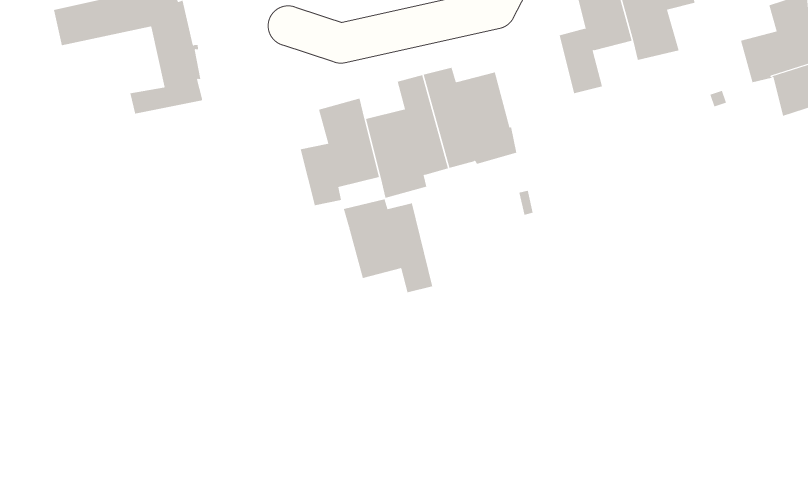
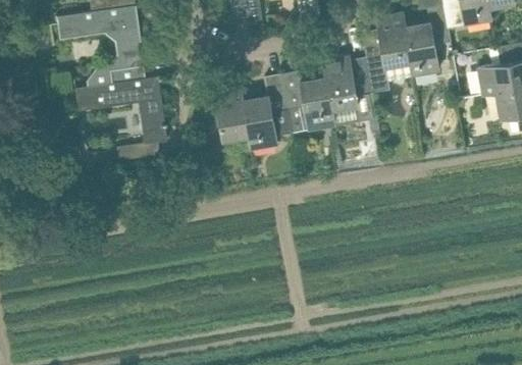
building: none -> [322,55,378,129]
building: none -> [74,76,167,160]
building: [343,198,433,293] -> none

